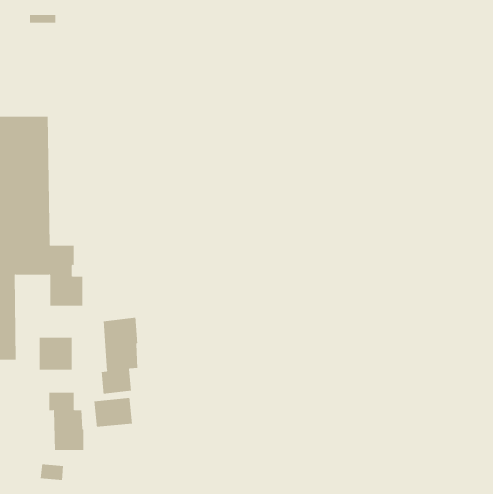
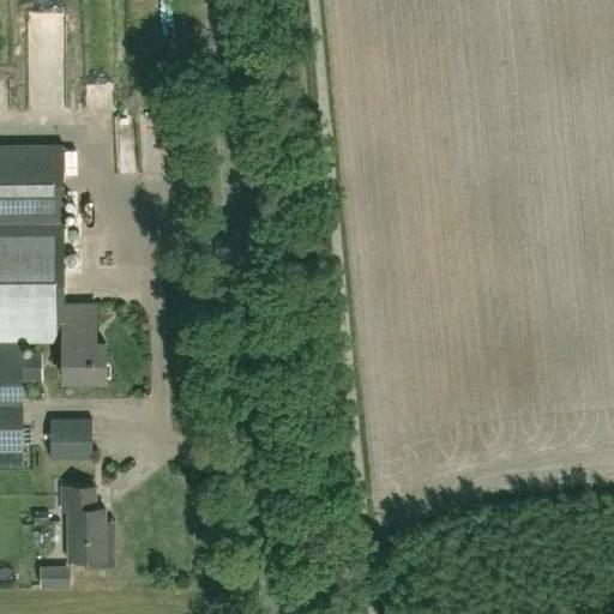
building: [101,317,138,395] -> none
building: [94,397,133,428] -> none

